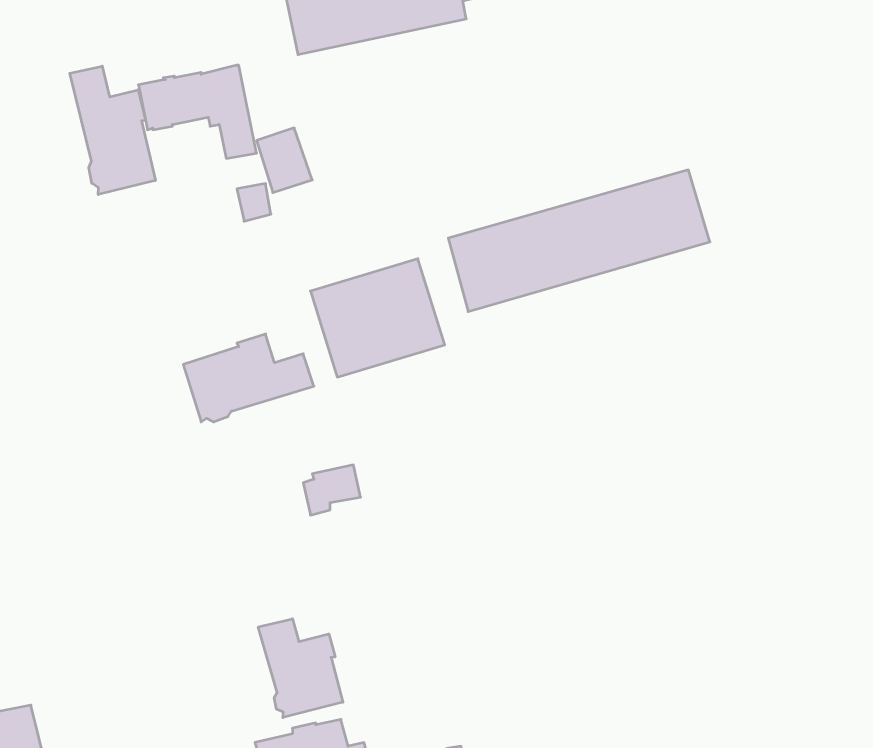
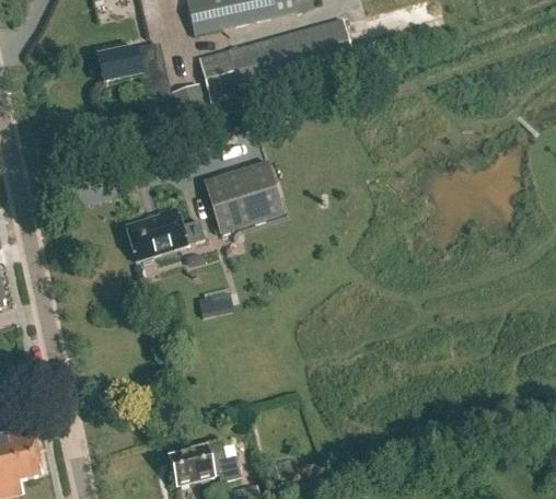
building: [70,66,155,195] -> none
building: [448,170,710,312] -> [196,16,356,103]
building: [258,619,343,718] -> none

